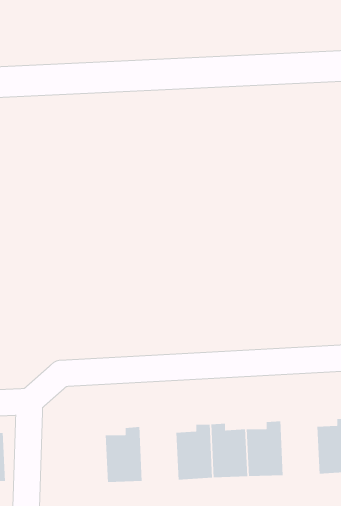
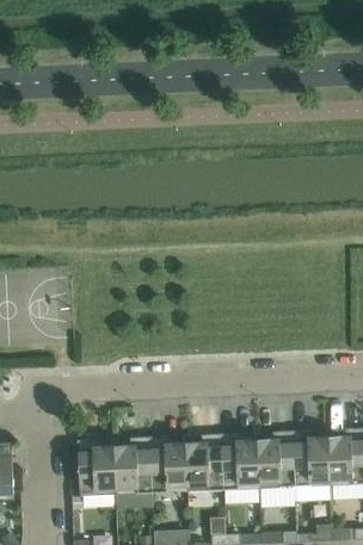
building: none -> [294,432,332,488]
building: none -> [150,438,189,494]
building: none -> [78,440,117,496]

